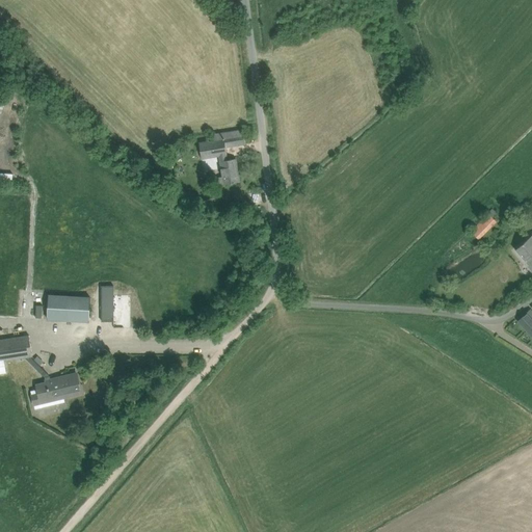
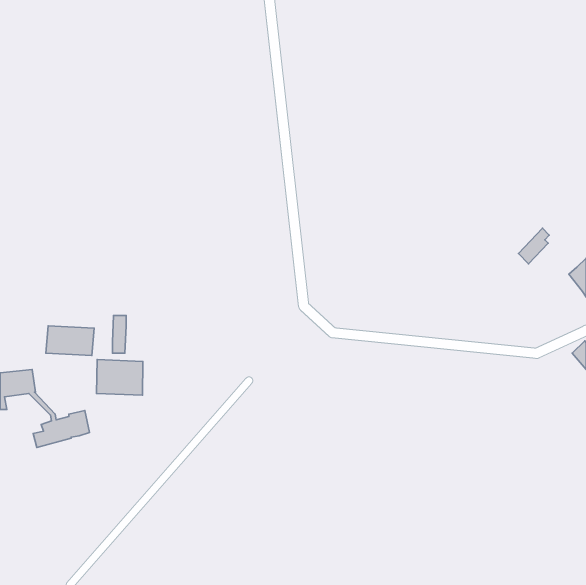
building: [201,132,239,183] -> none
building: none -> [97,360,143,395]

